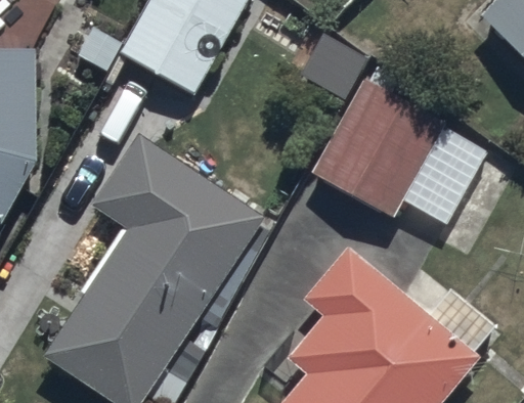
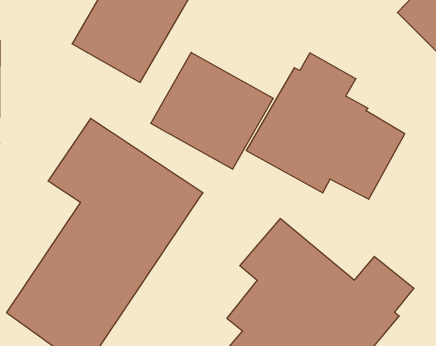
building: none -> [151,52,273,169]

